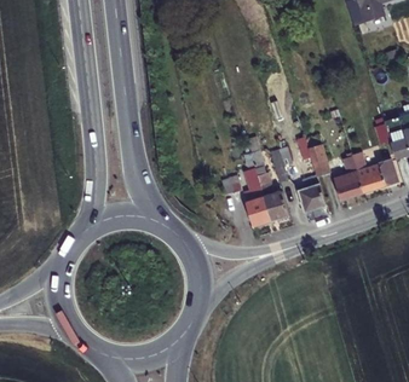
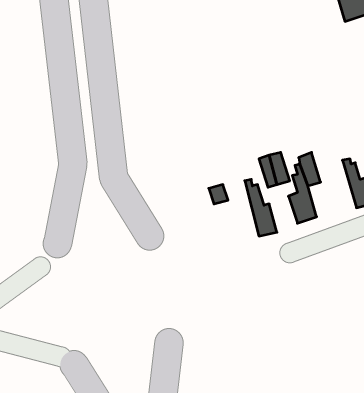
building: [333,152,363,204] -> none
building: [246,172,271,230] -> none

